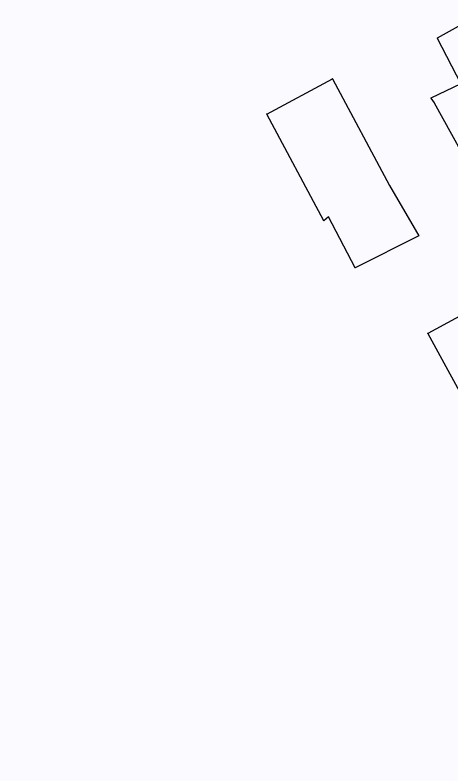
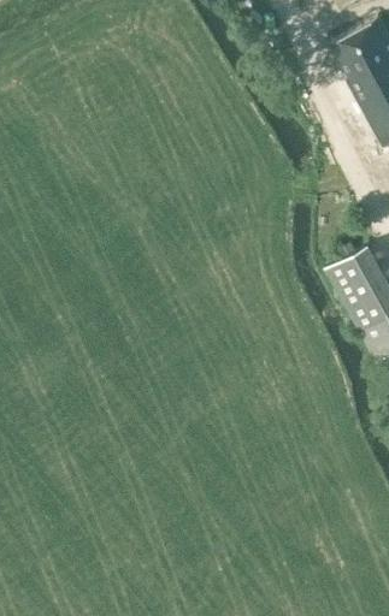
building: [267,79,419,268] -> none

